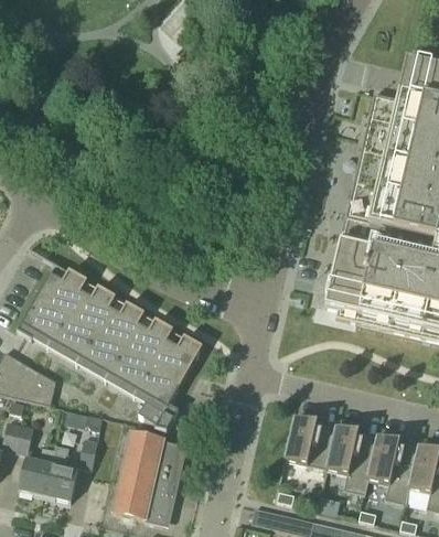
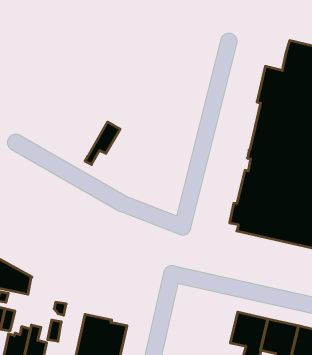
building: none -> [85,122,120,165]
building: [22,248,202,431] -> none
building: [285,418,336,470] -> none

